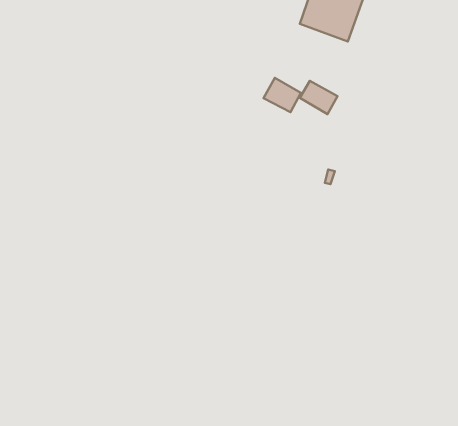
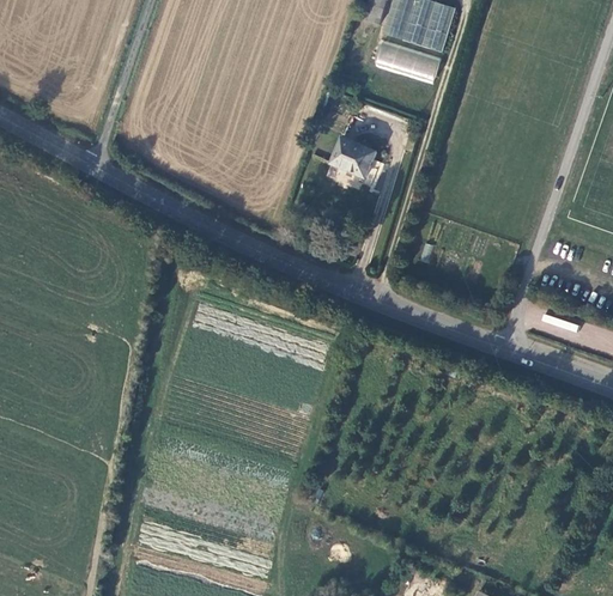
building: [300,81,338,114] -> none

